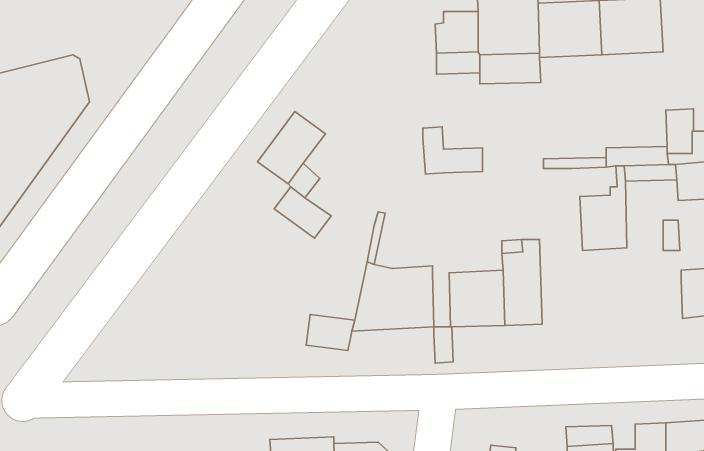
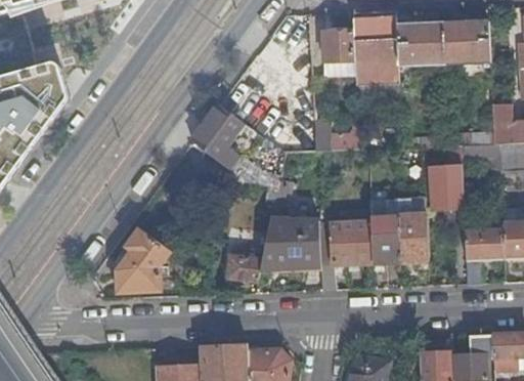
building: none -> [399,198,428,261]
building: none -> [115,227,171,293]
building: none -> [465,228,505,283]

